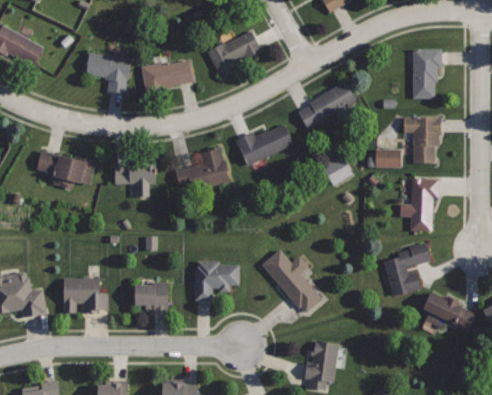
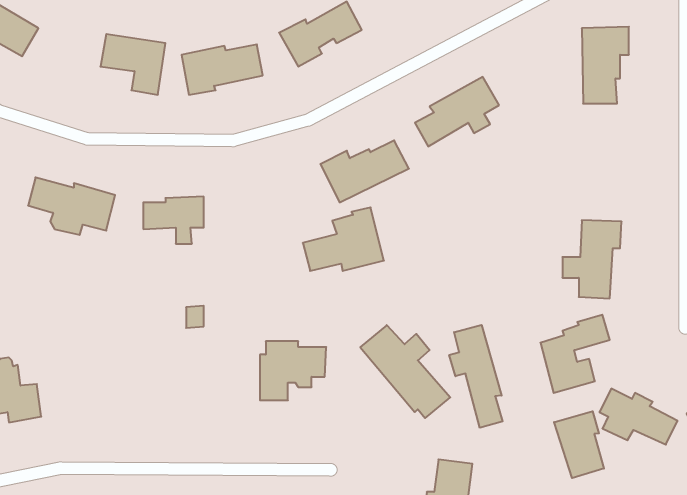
building: [402,117,440,162] -> none
building: [174,146,229,189] -> [303,207,384,271]
building: [371,149,397,168] -> none
building: [318,157,349,186] -> none
building: none -> [449,325,503,428]
building: [63,277,107,312] -> none
building: [134,281,169,311] -> none
building: none -> [554,411,604,478]

